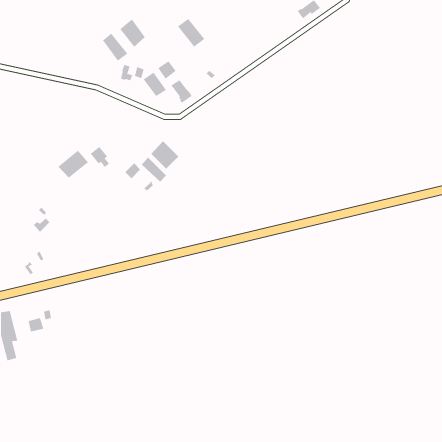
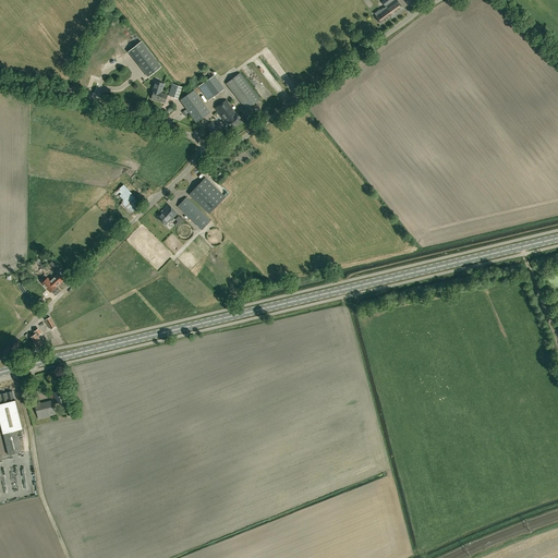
building: [177,18,205,47] -> [226,73,260,110]
building: [119,19,146,47] -> none
building: [57,150,89,178] -> none

